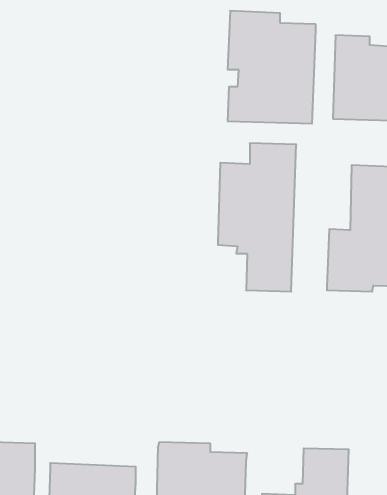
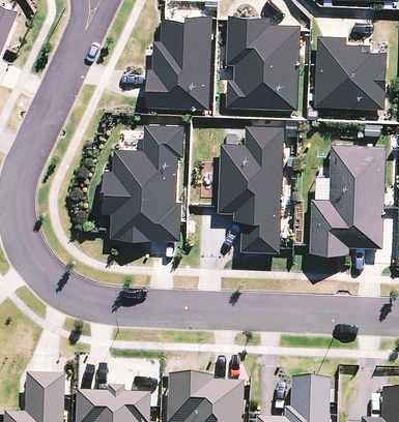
building: none -> [147,11,212,108]
building: none -> [102,122,183,238]

